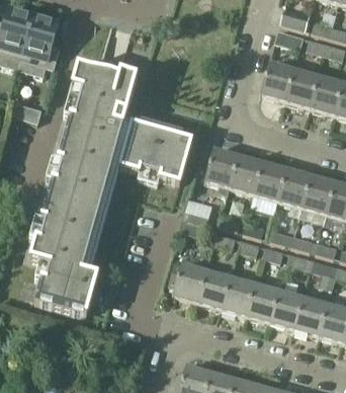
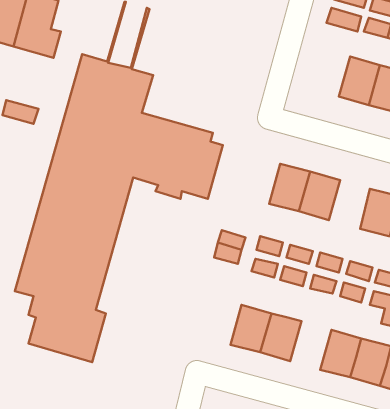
building: [261,61,294,100] -> none
building: [204,148,238,193] -> none
building: [277,168,311,208] -> none
building: [169,260,208,302] -> none
building: [246,283,279,322] -> none

